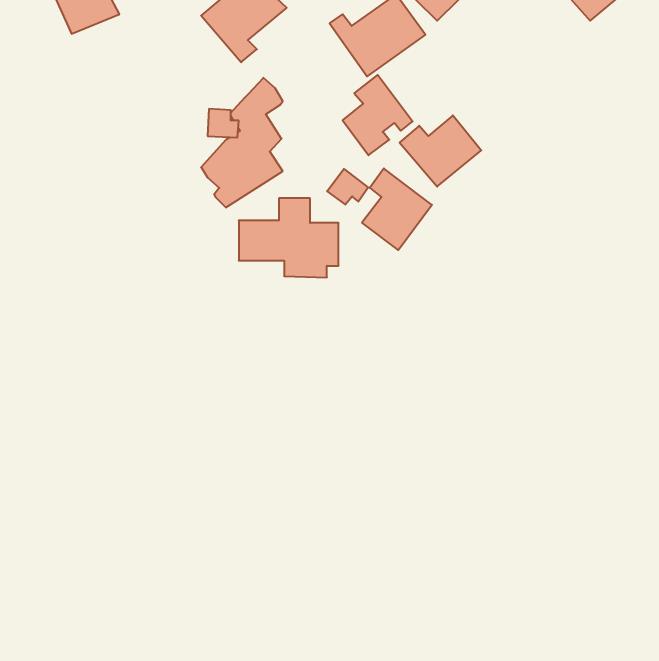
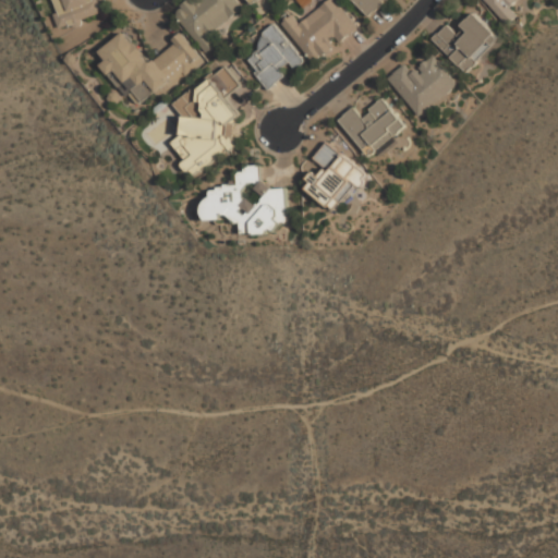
building: none -> [429,12,499,73]
building: none -> [93,31,201,102]
building: none -> [386,53,458,118]
building: [343,75,413,155] -> [243,23,302,90]
building: [327,169,368,205] -> none

